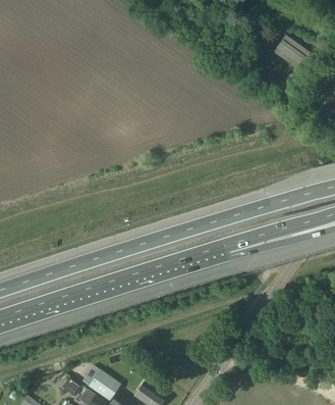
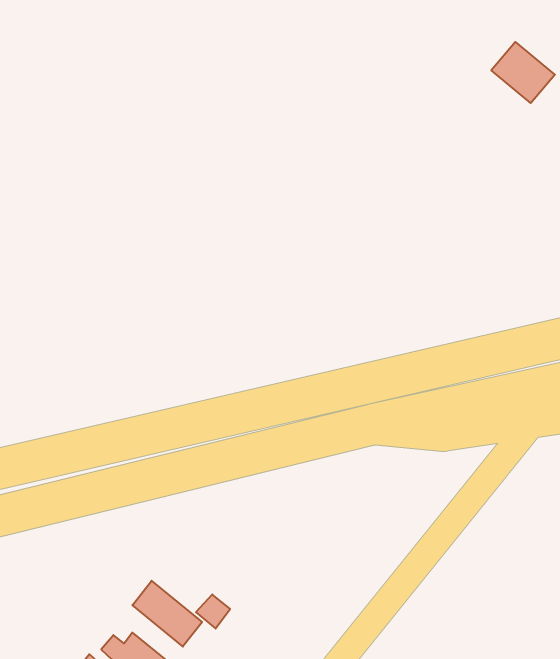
building: none -> [132,581,202,647]

